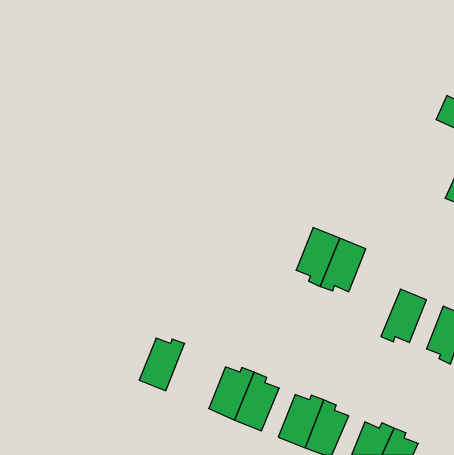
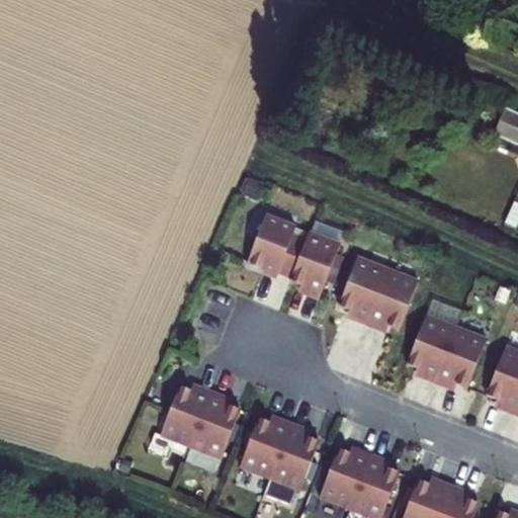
building: none -> [247,215,341,299]
building: none -> [407,316,456,381]
building: none -> [190,390,240,456]

